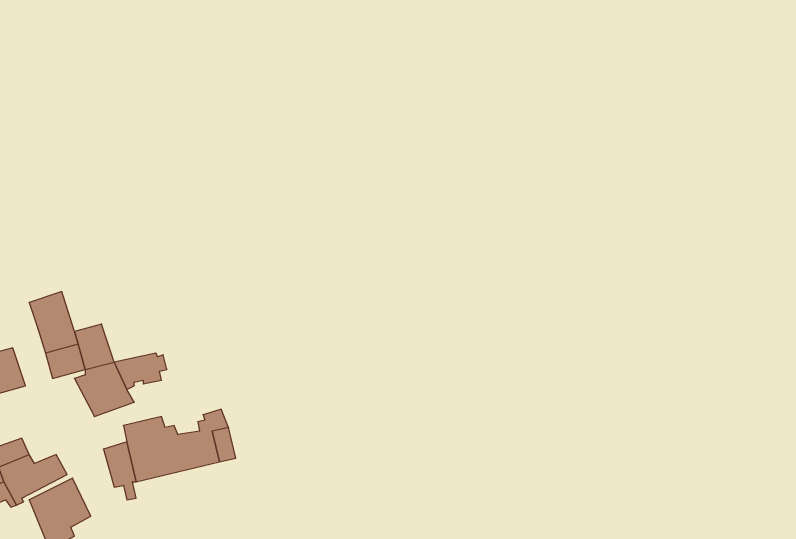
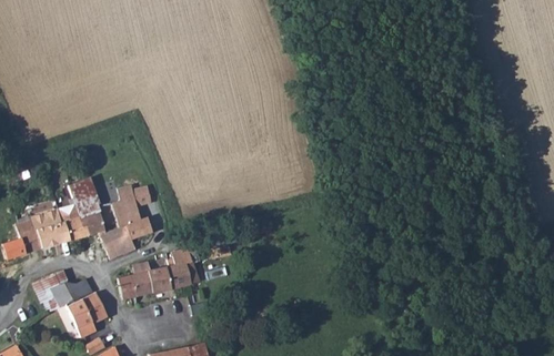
building: none -> [121,189,153,211]
building: none -> [59,204,84,238]

